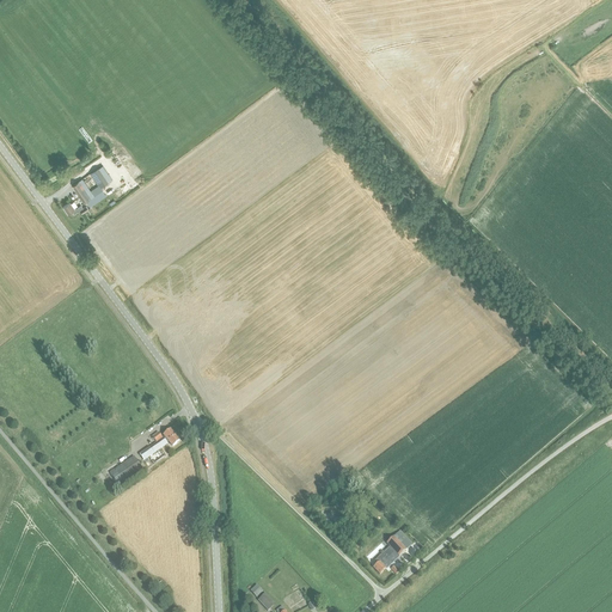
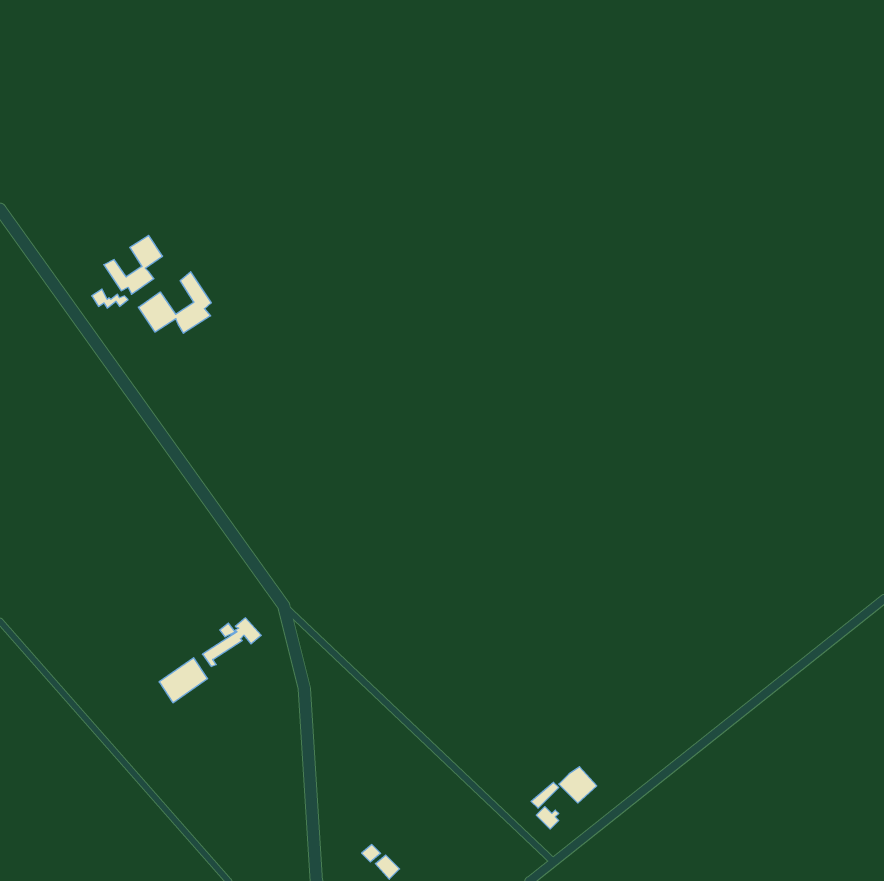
building: none -> [138,272,211,333]

